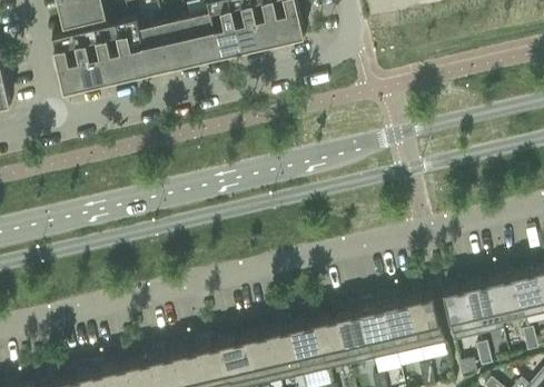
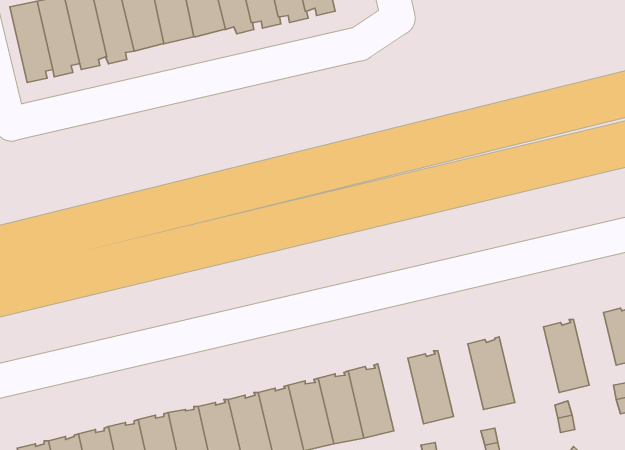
building: [491,275,526,331] -> none
building: [443,286,479,343] -> none
building: [385,299,421,356] -> none
building: [338,310,374,367] -> none

